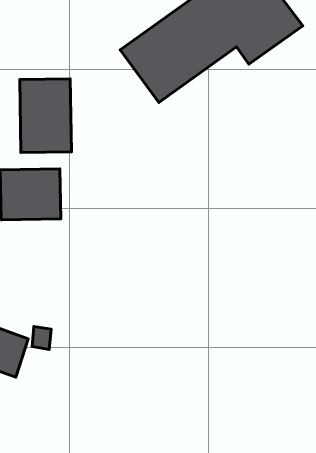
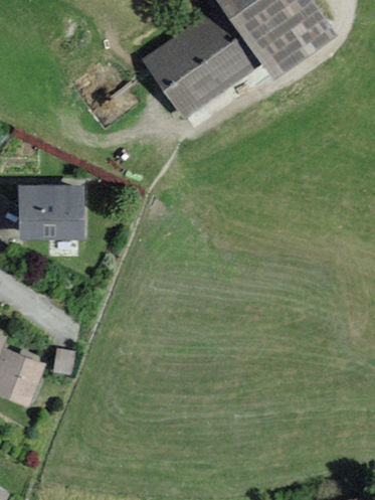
building: [20,79,71,153] -> none

